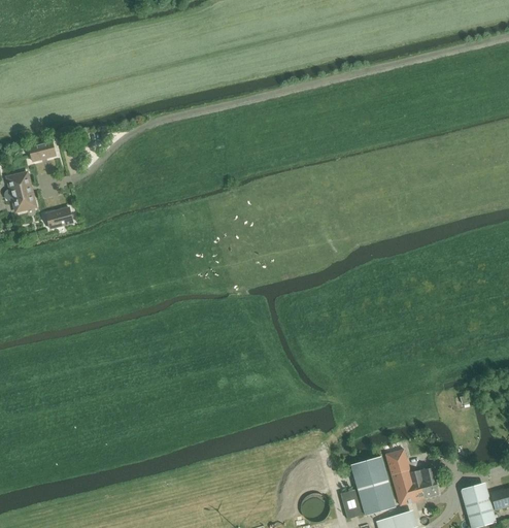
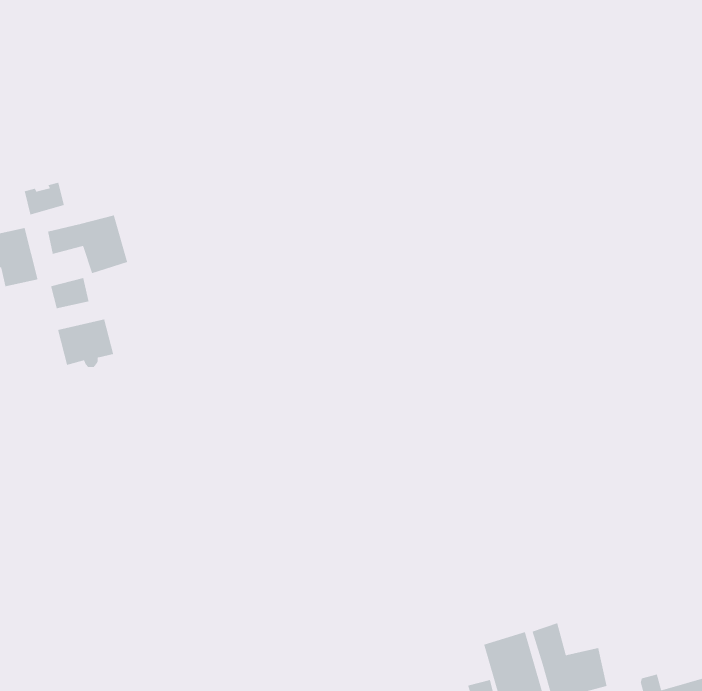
building: none -> [47,214,128,274]
building: none -> [57,318,114,368]

